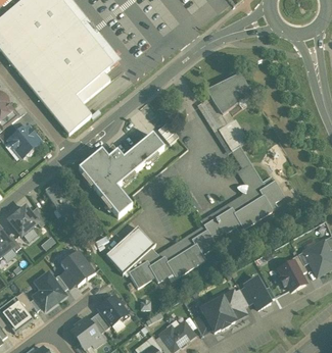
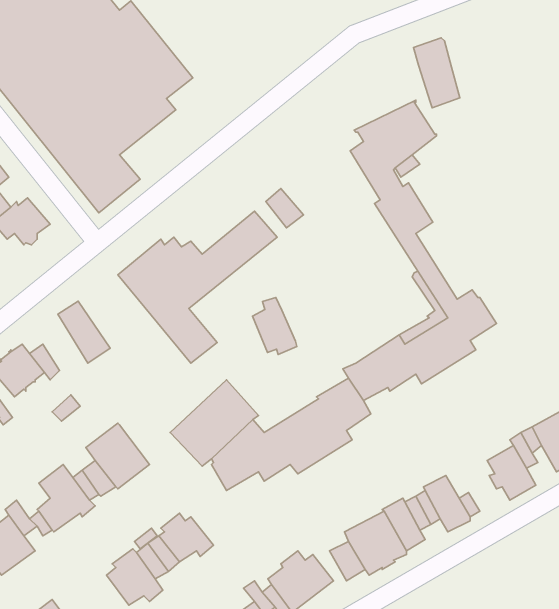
building: none -> [413,38,460,108]
building: none -> [252,297,297,354]

